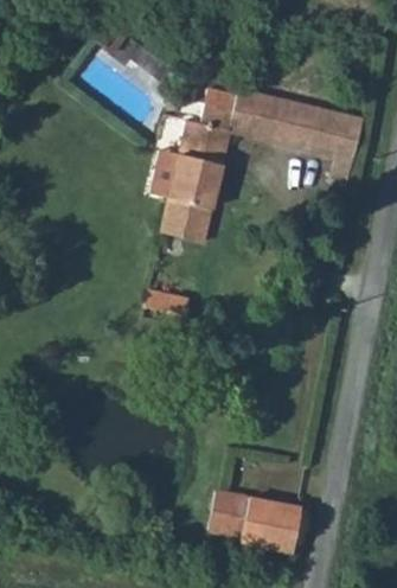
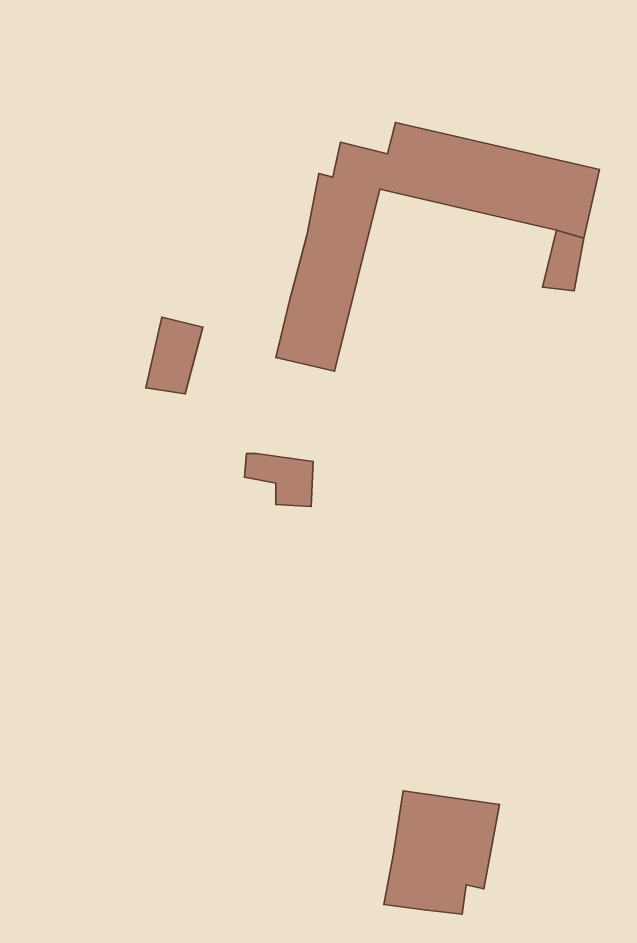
building: [152,151,186,197] -> [146,317,203,394]
building: [204,488,244,531] -> none

